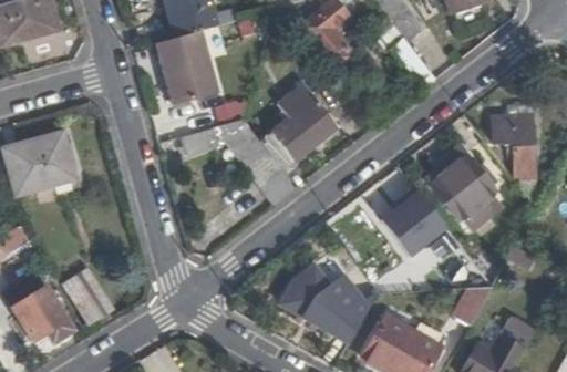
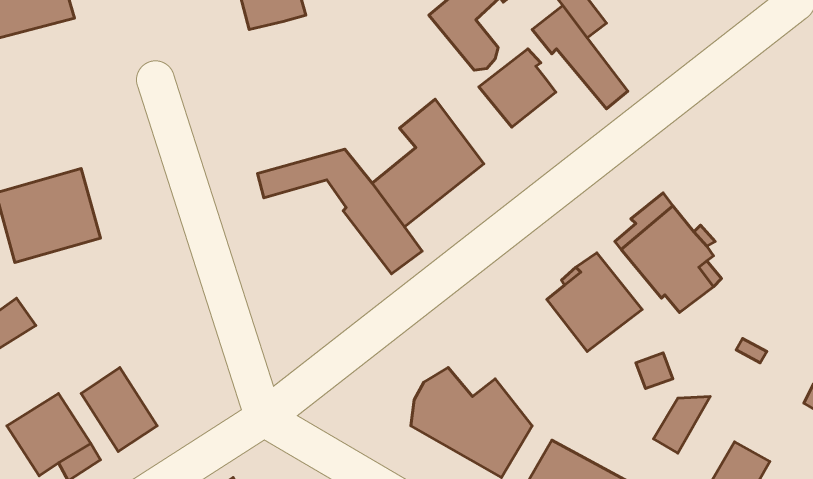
building: [155,30,217,104] -> none
building: none -> [479,49,556,127]
building: [491,103,547,208] -> none

